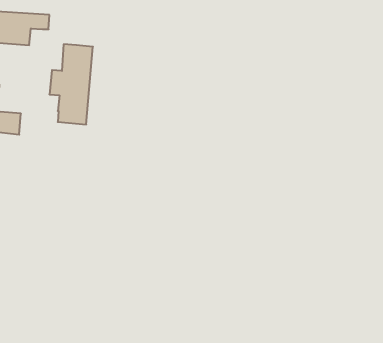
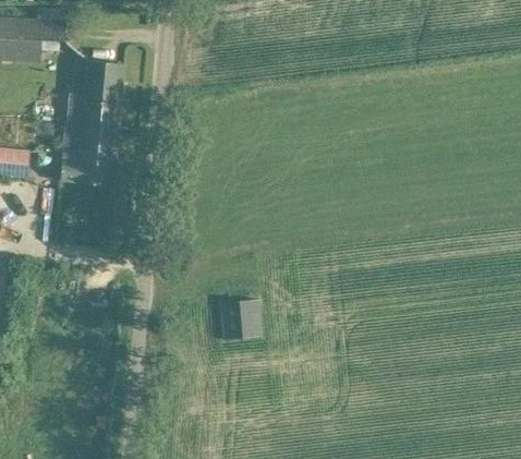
building: none -> [60,147,114,186]
building: none -> [220,300,259,339]

